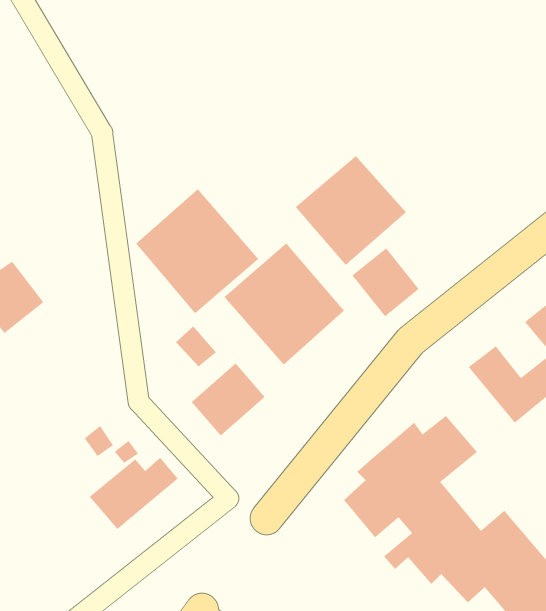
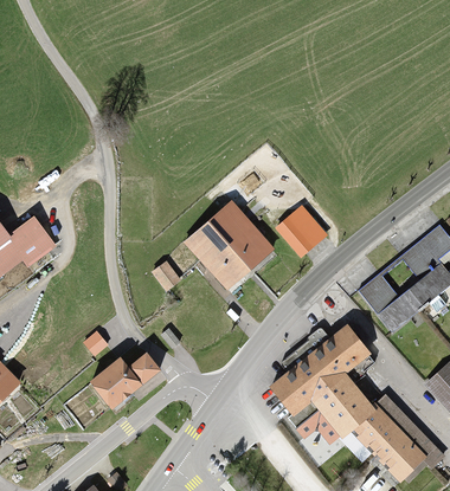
building: [295,155,407,266] -> none
building: [136,189,259,314] -> none
building: [191,362,266,436] -> none

